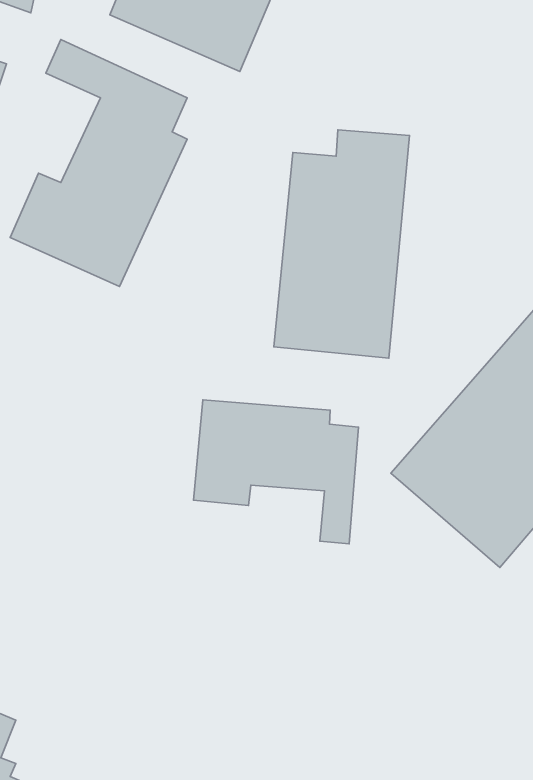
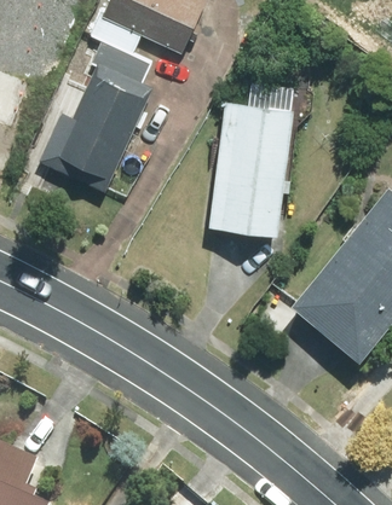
building: [194,400,359,544] -> none

